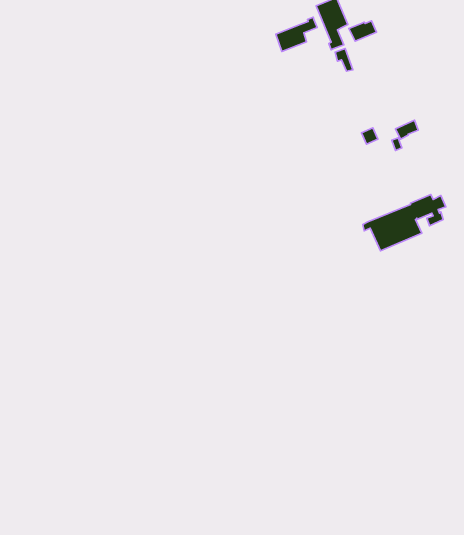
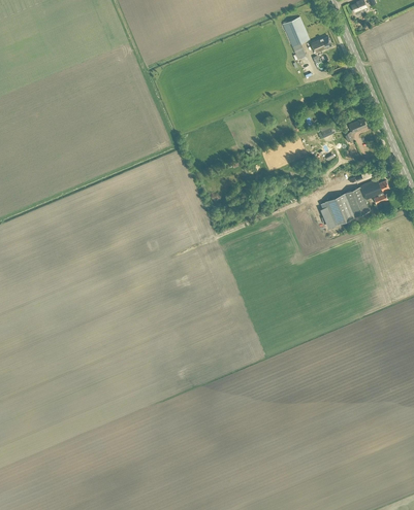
building: [276,17,317,51] -> none

